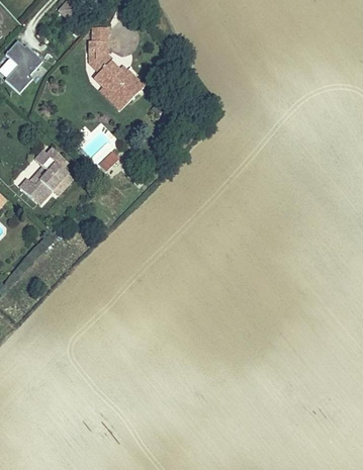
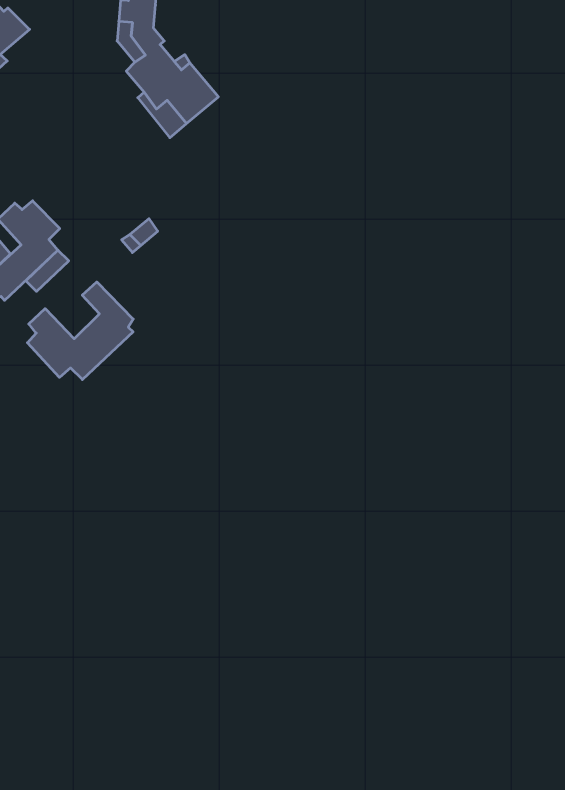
building: none -> [27,282,133,380]

